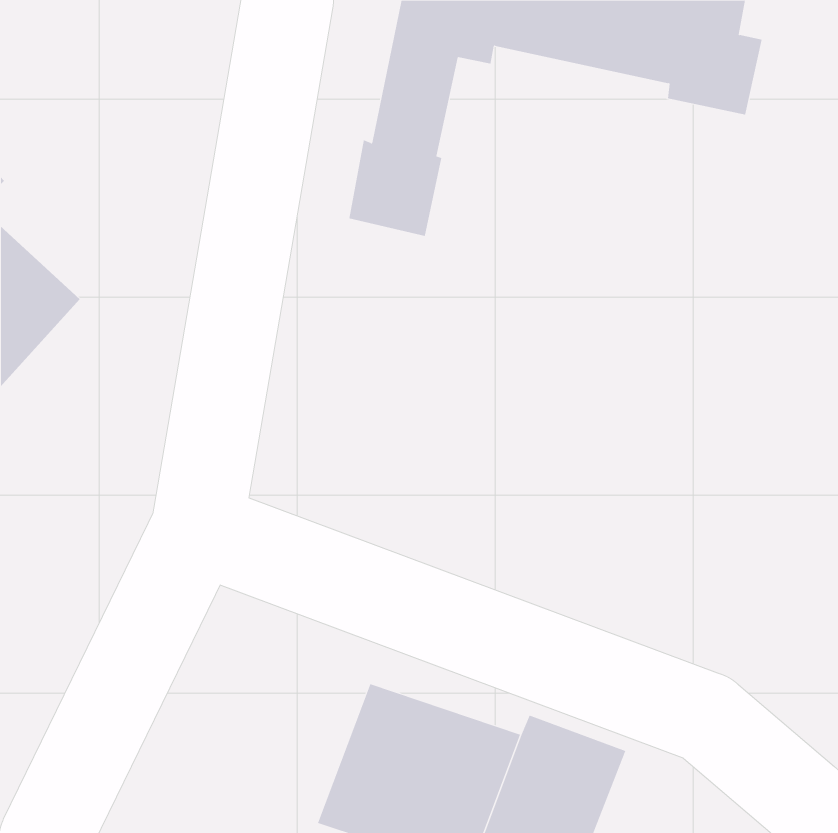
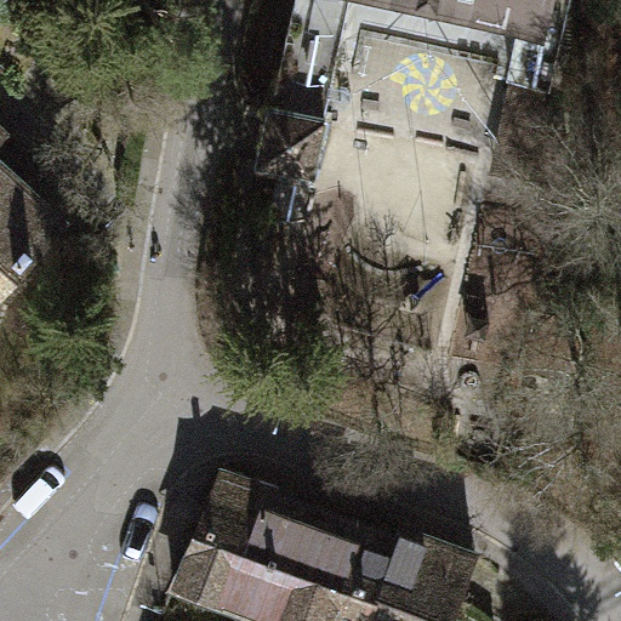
building: none -> [165,478,275,613]

